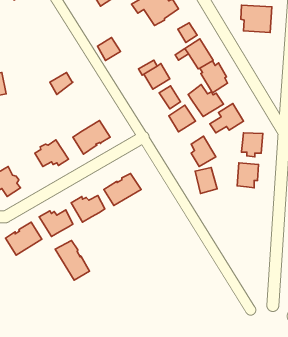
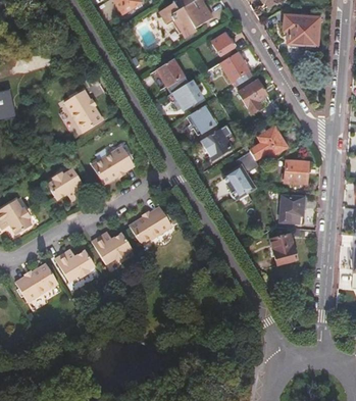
building: [97,37,121,60] -> [157,60,184,87]
building: none -> [72,102,102,133]
building: [188,84,224,117] -> none
building: [195,168,217,193] -> [271,236,297,265]
building: [55,241,89,280] -> none

